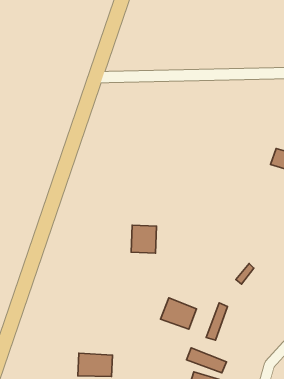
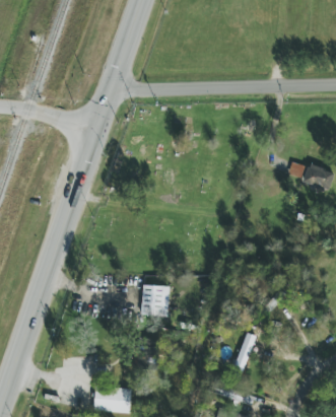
building: [131,225,156,253] -> [141,285,169,316]
building: [161,298,197,329] -> none

